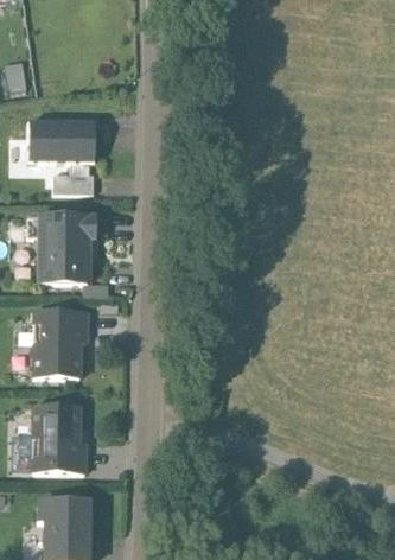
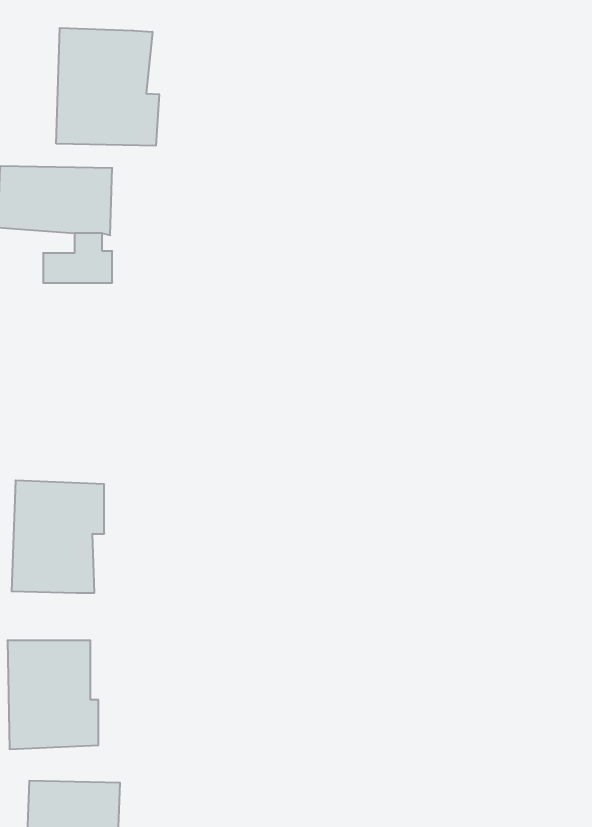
building: none -> [56,28,159,146]
building: [37,212,96,284] -> none

